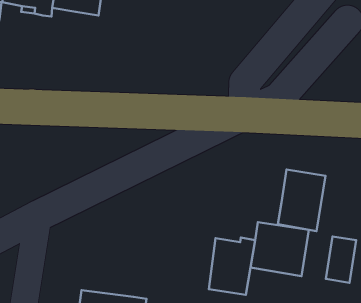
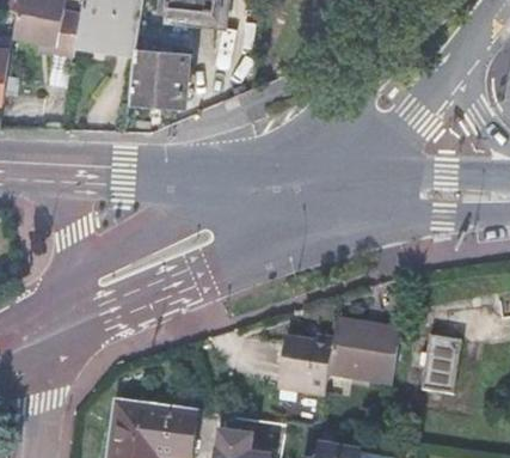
building: none -> [129,55,185,105]
building: [278,170,326,231] -> none

